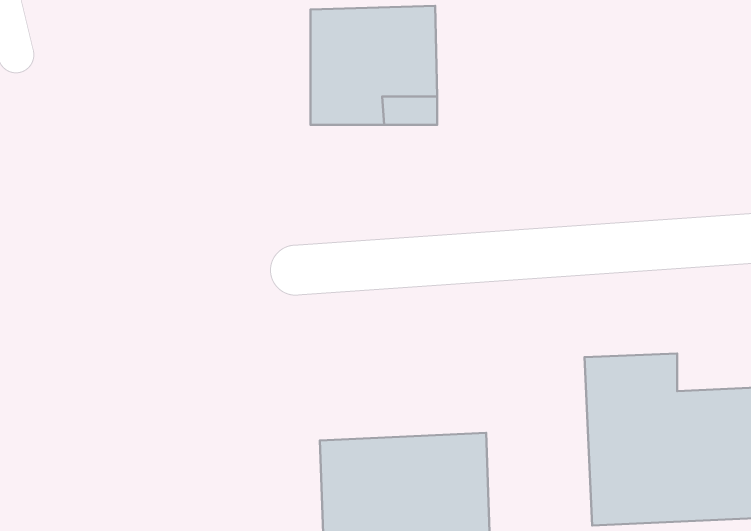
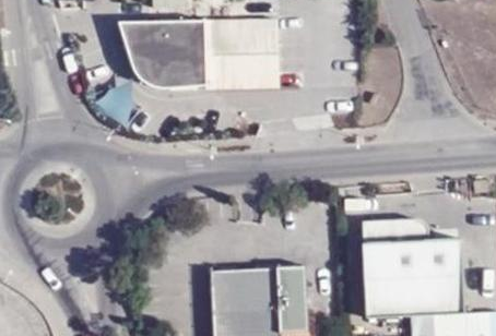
building: none -> [115,21,204,87]

